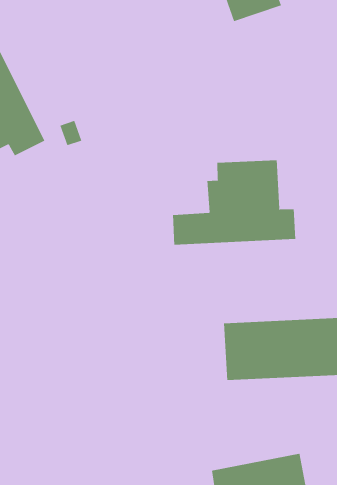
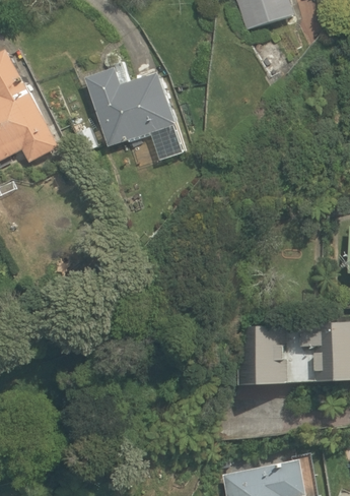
building: none -> [85,67,176,145]
building: [172,159,296,245] -> none

